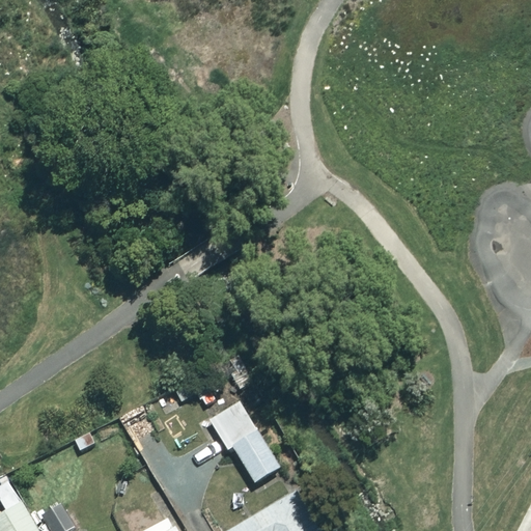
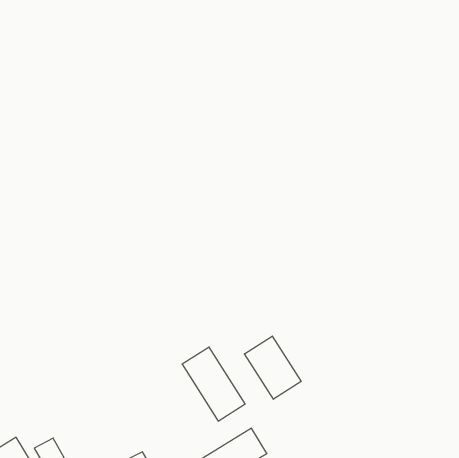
building: none -> [244,336,301,399]

